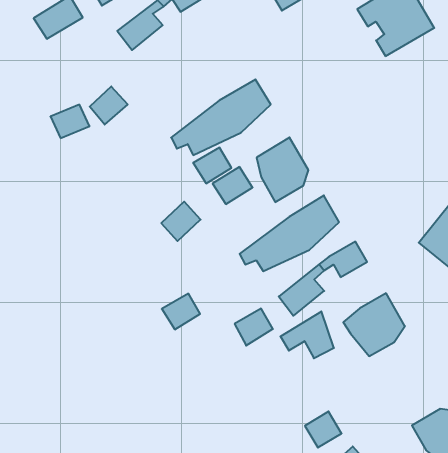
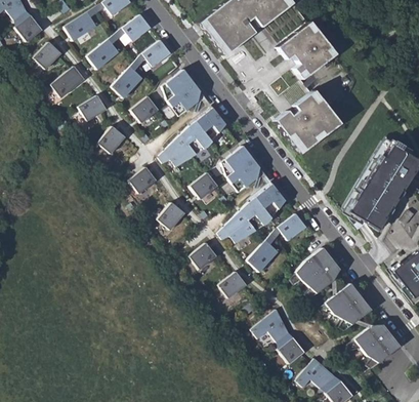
building: none -> [161,70,199,117]
building: none -> [129,96,157,123]
building: none -> [275,90,339,154]
building: [50,105,90,138] -> [77,95,106,121]
building: [193,148,231,183] -> [130,166,158,193]
building: [162,294,200,329] -> [191,242,218,269]
building: [280,311,334,358] -> [253,308,292,341]
building: none -> [327,283,372,324]

